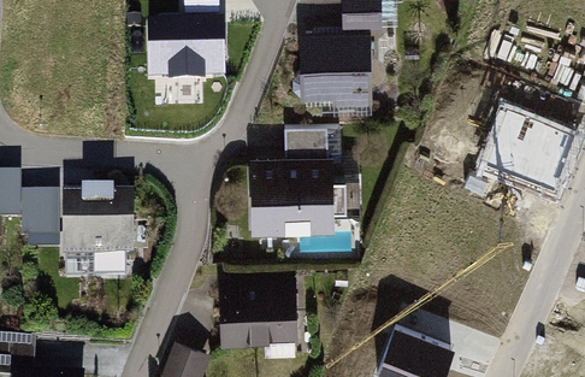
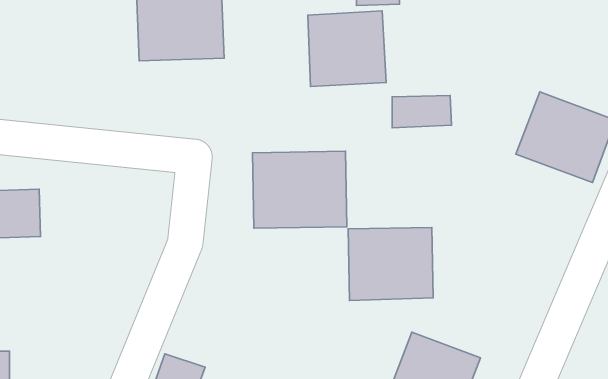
building: [286,128,339,157] -> [392,95,452,128]
building: [67,194,135,259] -> none
building: [219,278,295,343] -> [348,228,433,300]

